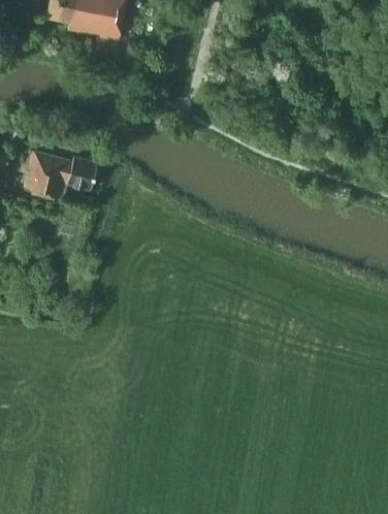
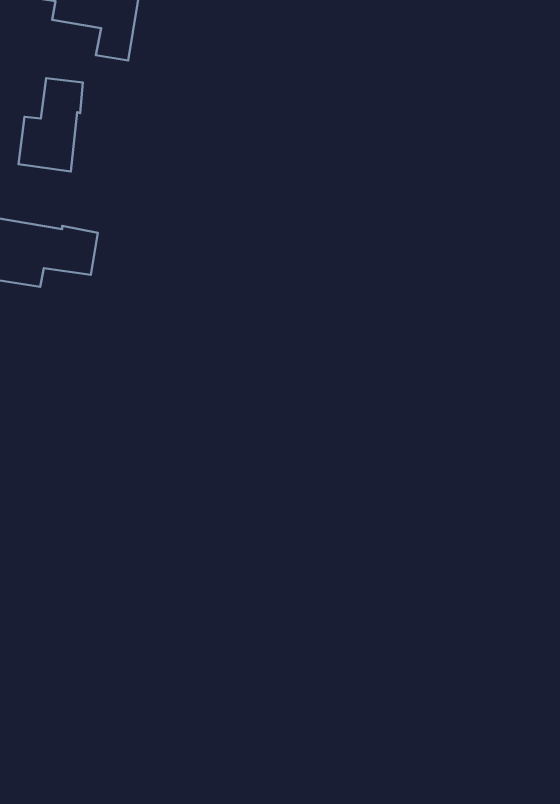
building: none -> [19,78,83,171]

